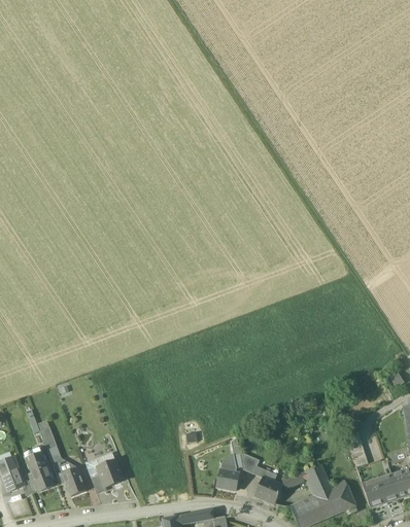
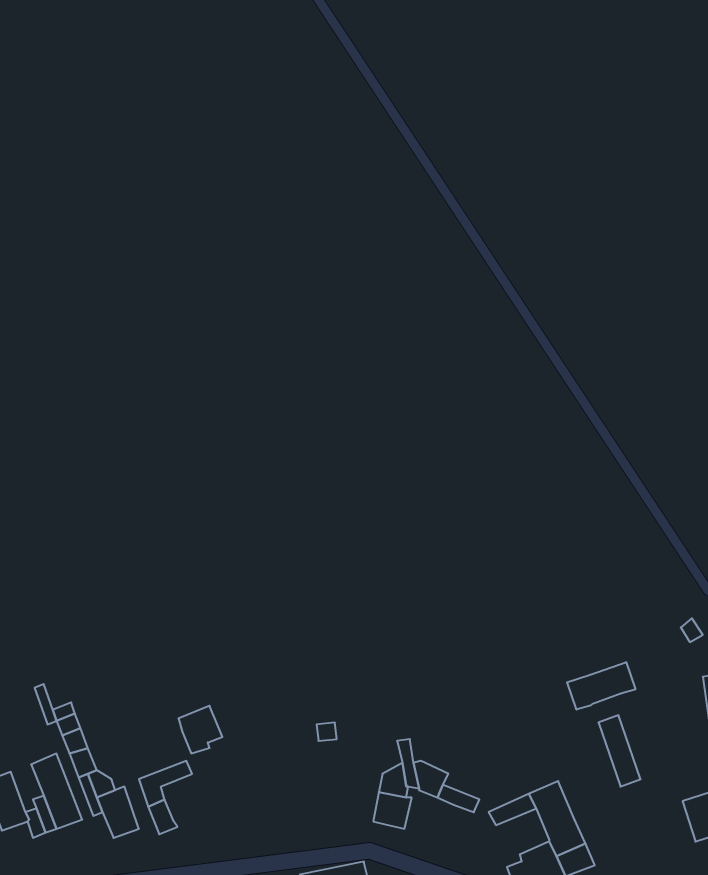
building: none -> [567,662,635,710]
building: [98,459,123,486] -> [178,706,222,753]
building: [363,475,399,507] -> none
building: [254,477,282,503] -> none
building: [331,480,355,511] -> none

